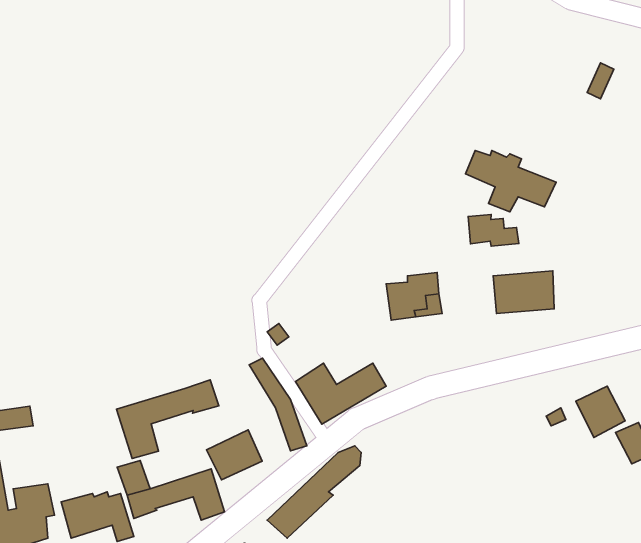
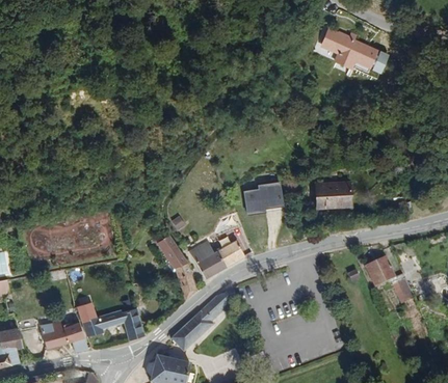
building: [465,151,556,212] -> [321,29,378,67]
building: [468,215,519,246] -> none
building: [116,380,219,458] -> none
building: [206,430,262,480] -> none

